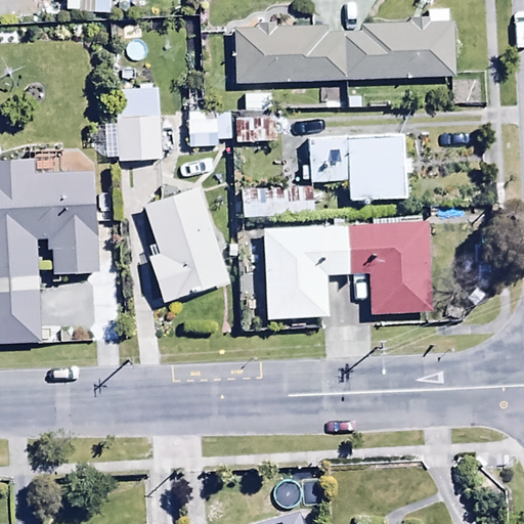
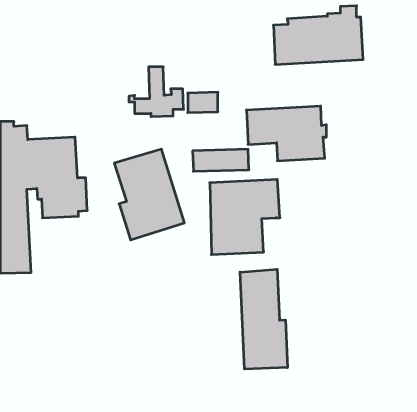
building: [232,23,345,86] -> none
building: [104,87,159,160] -> none
building: [347,221,434,312] -> none
building: none -> [240,269,287,369]

